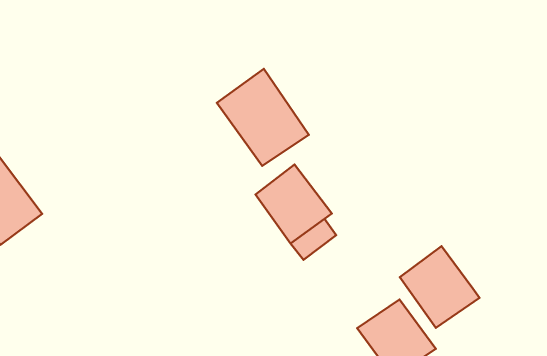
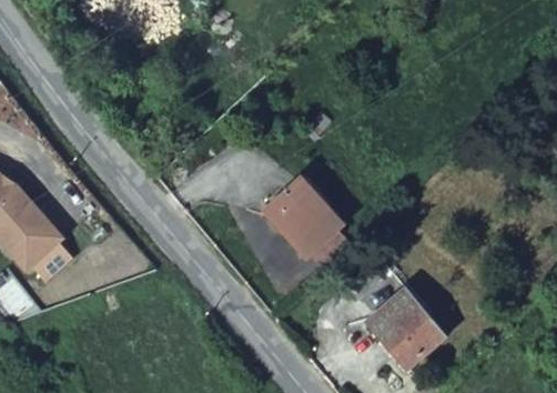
building: [217,69,309,166] -> none
building: [400,246,480,328] -> none

